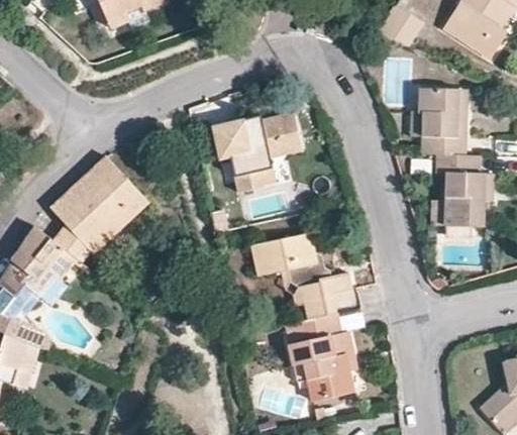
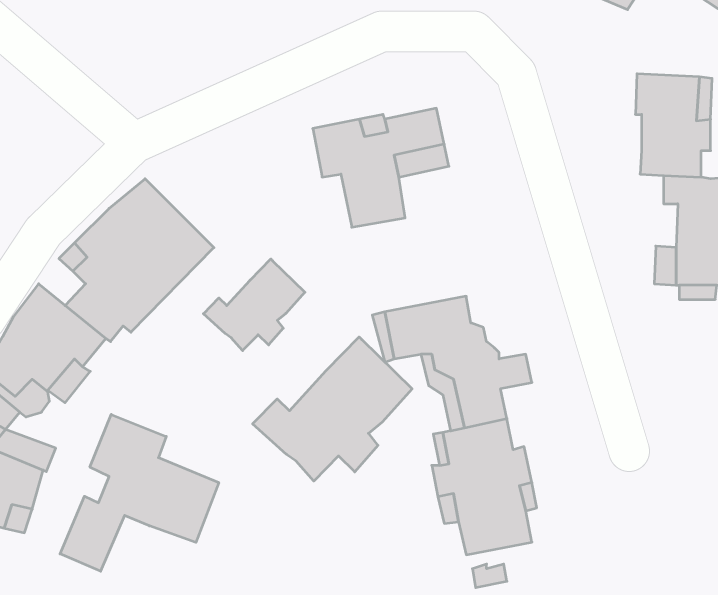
building: none -> [203,259,305,351]
building: none -> [253,337,412,481]
building: none -> [60,414,219,571]

